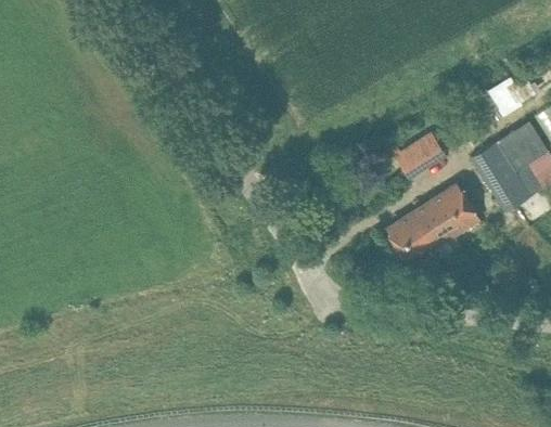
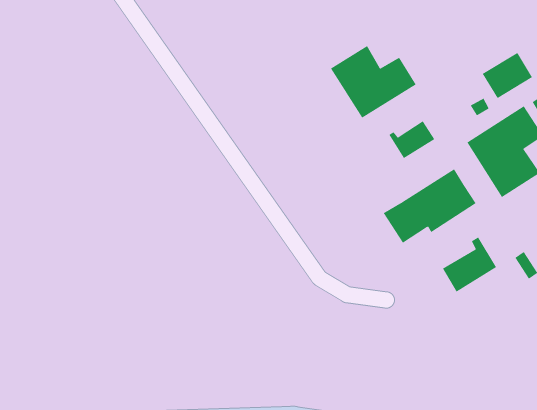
building: none -> [330,45,416,118]
building: none -> [442,236,497,293]

